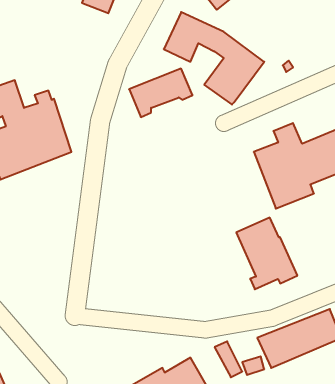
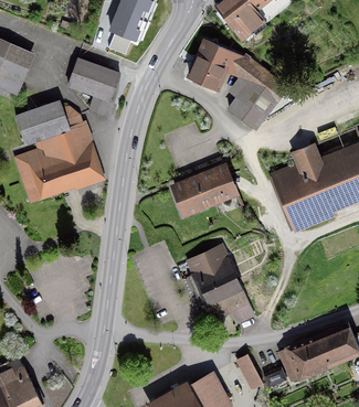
building: none -> [67,58,119,116]
building: [129,69,193,117] -> [173,167,234,213]
building: [236,218,297,289] -> [188,246,246,314]

